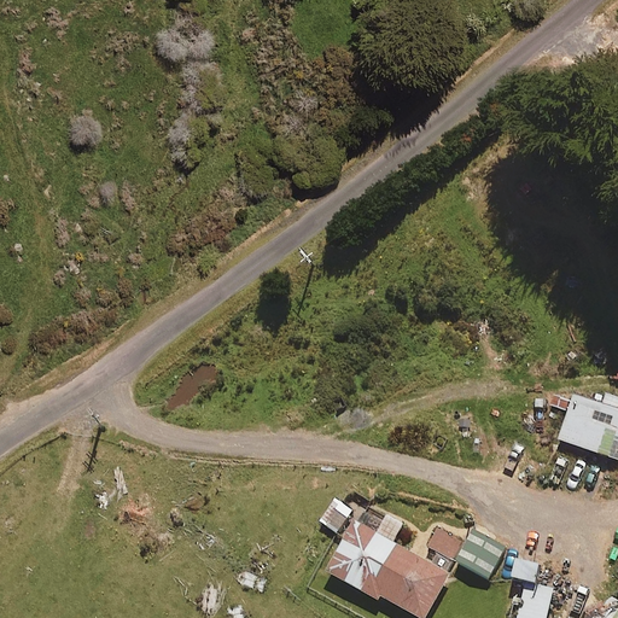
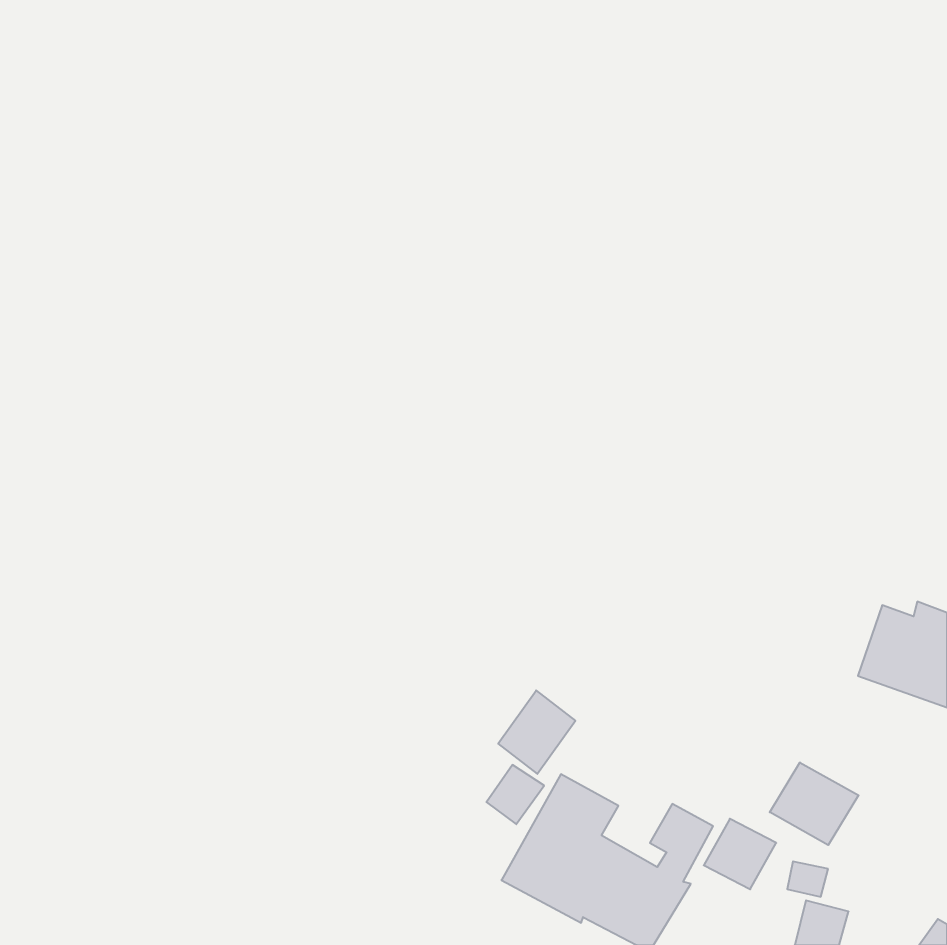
building: none -> [498,690,575,774]
building: none -> [770,762,859,845]

